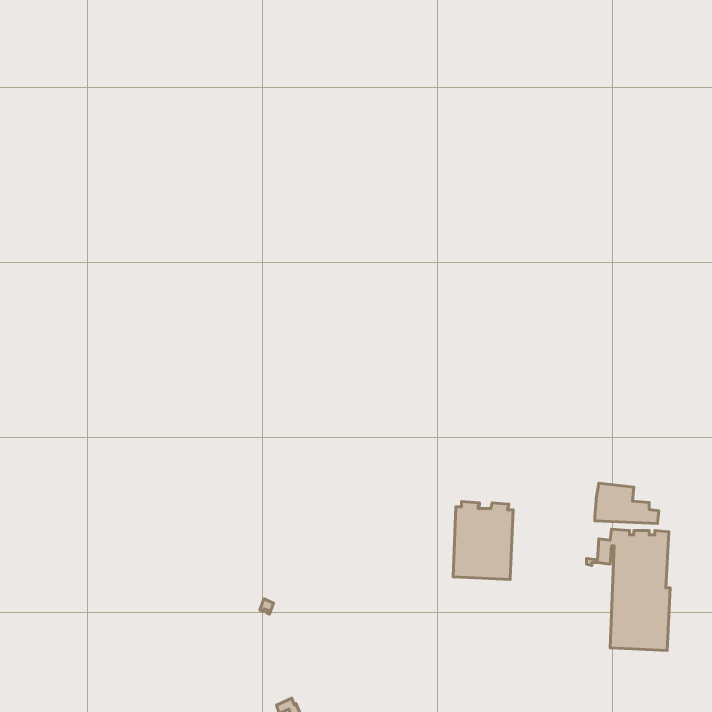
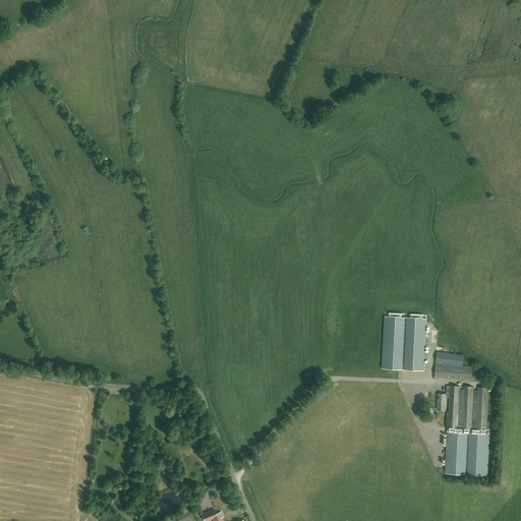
building: [453,501,513,580] -> [382,313,425,370]

